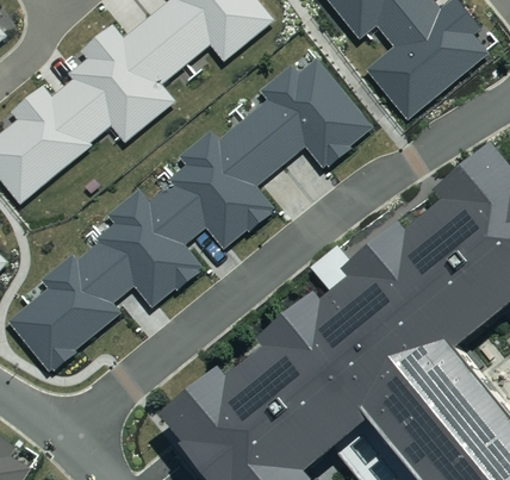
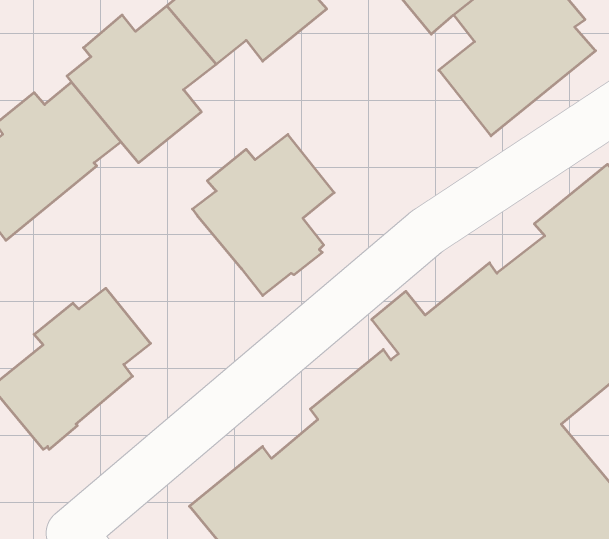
building: [244,58,372,167] -> none
building: [95,183,207,307] -> none

